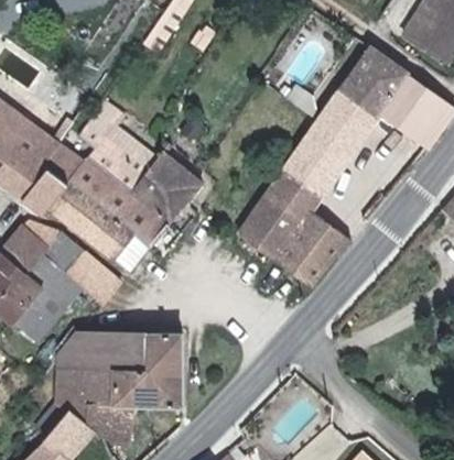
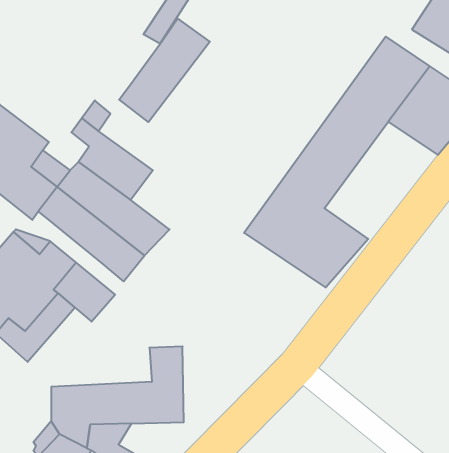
building: none -> [119,18,210,122]
building: [132,153,206,222] -> none
building: [57,332,152,369] -> none

